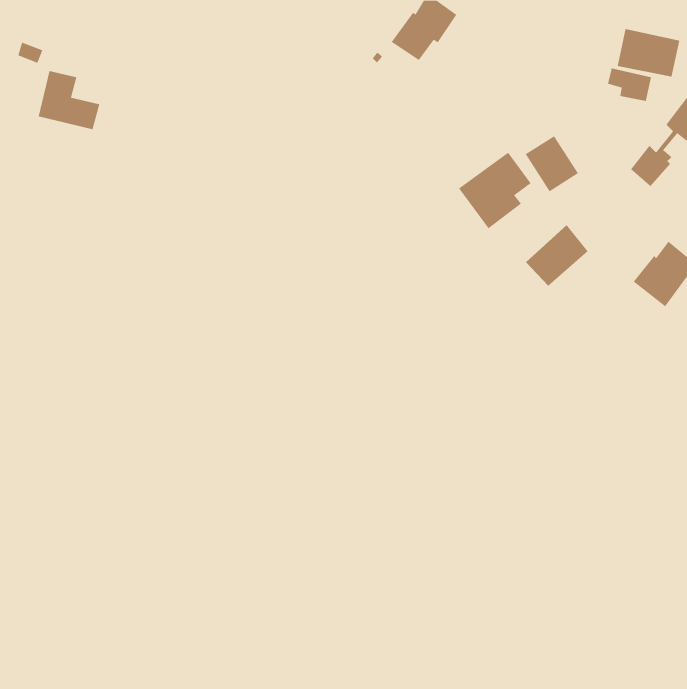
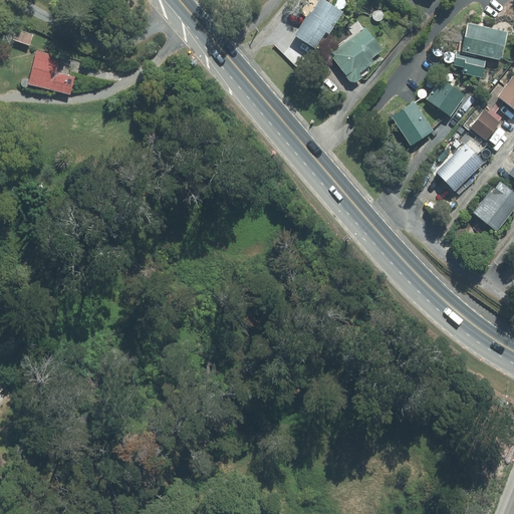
building: none -> [427,79,465,117]
building: [458,152,531,229] -> [329,27,383,84]
building: [525,224,589,286] -> [437,143,484,189]

